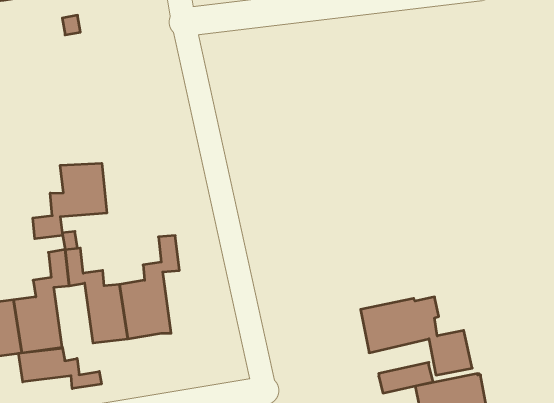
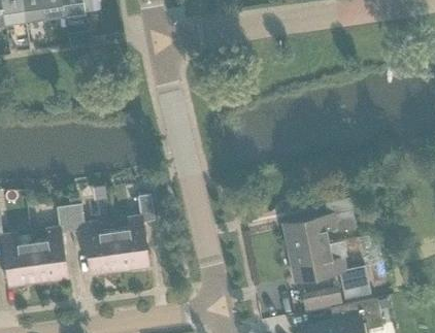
building: [33,163,107,239] -> none
building: none -> [282,197,357,251]
building: [18,348,101,389] -> none

